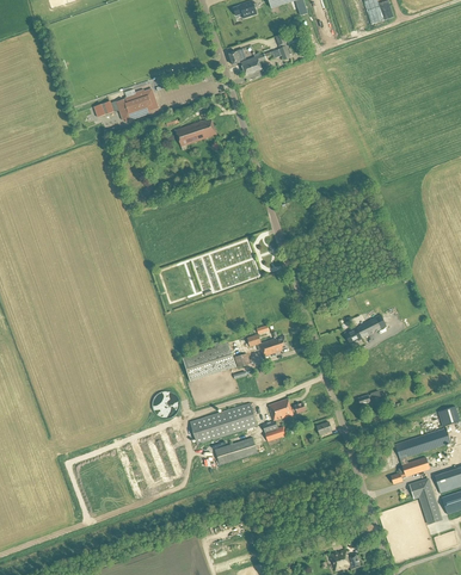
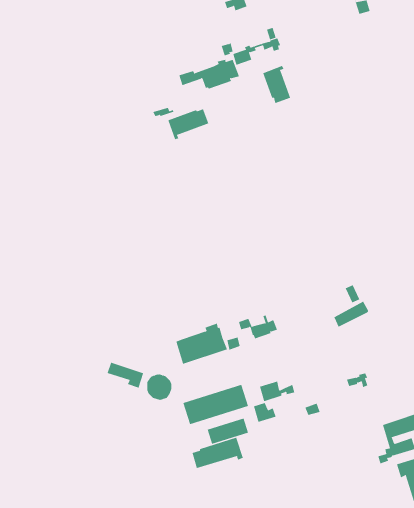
building: none -> [262,65,291,104]
building: [96,89,159,120] -> [179,59,240,89]
building: none -> [107,362,144,389]
building: none -> [192,437,243,469]

